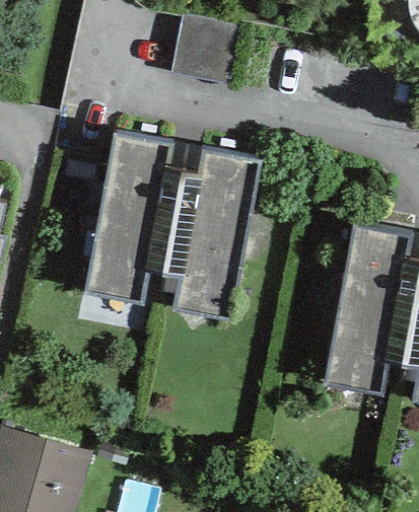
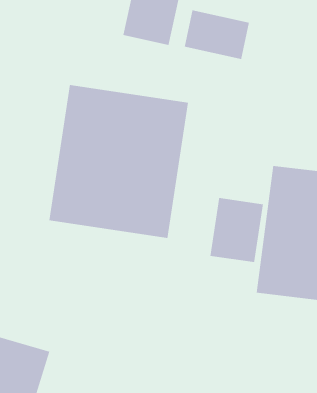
building: none -> [184,9,250,60]
building: none -> [210,197,263,263]

